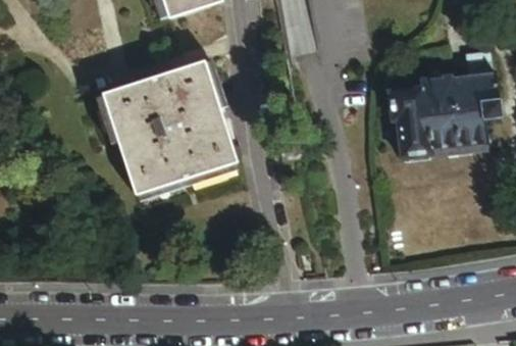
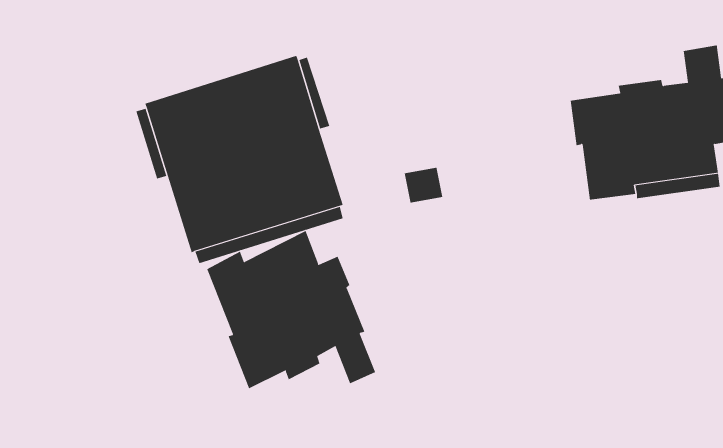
building: none -> [206,230,376,389]

